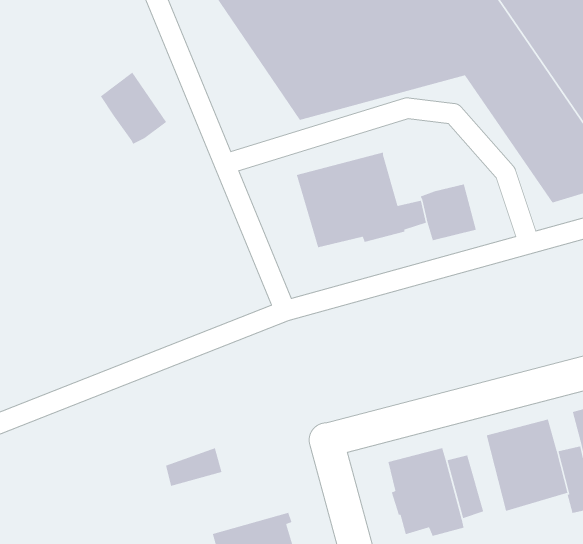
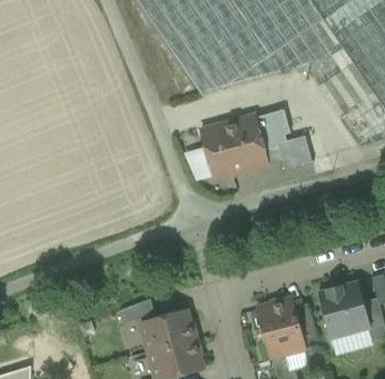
building: [100,72,167,145] -> none
building: none -> [255,110,290,149]
building: none -> [140,311,196,352]

